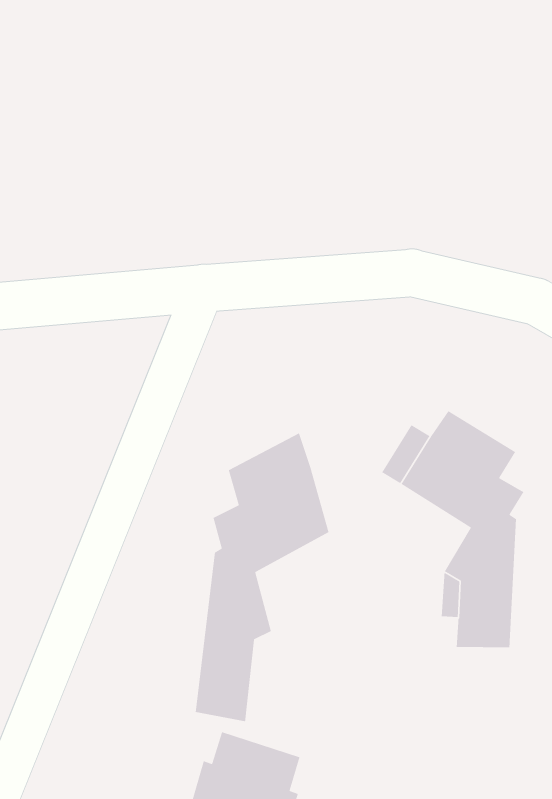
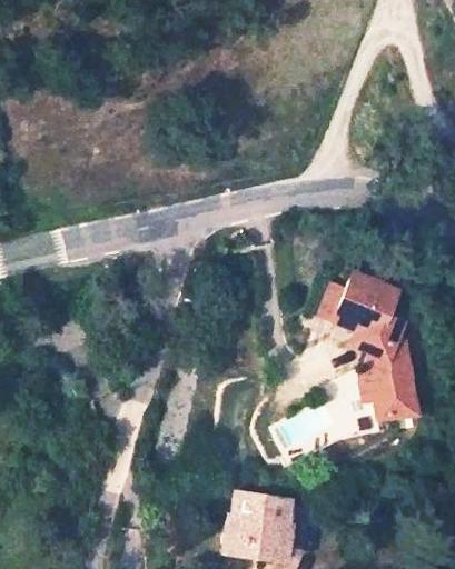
building: [195,432,330,722] -> none

